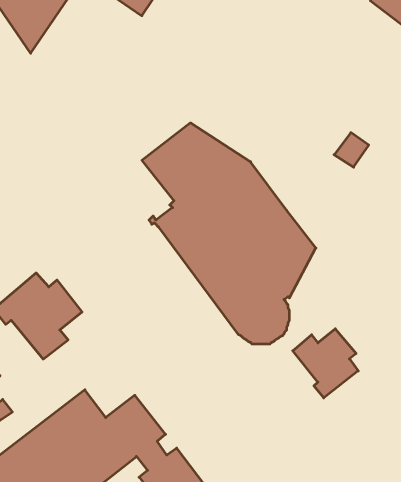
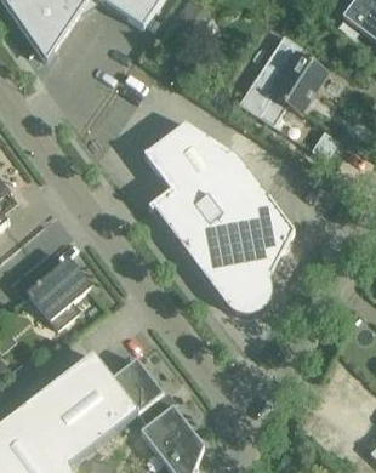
building: none -> [252,34,325,124]
building: [293,329,358,398] -> none

